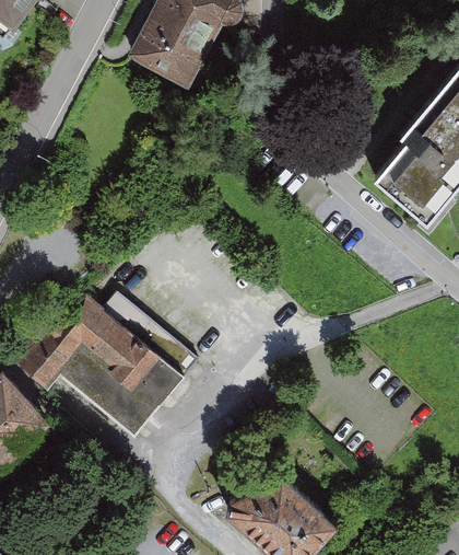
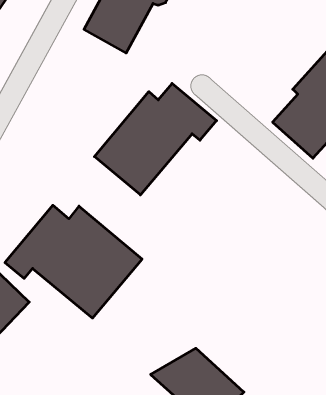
building: none -> [94,83,217,195]

